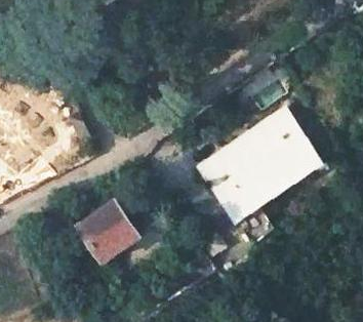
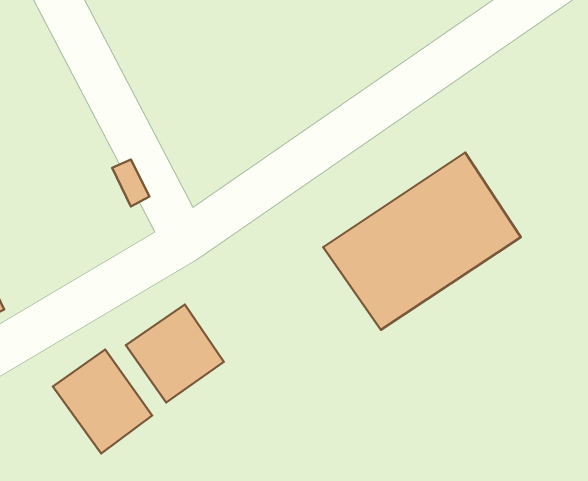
building: none -> [53,349,152,453]

